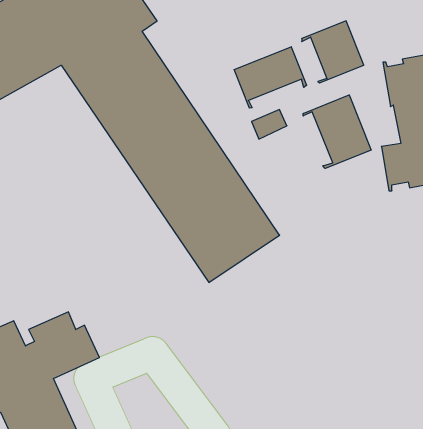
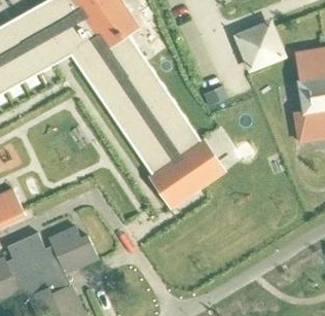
building: [234,47,307,108] -> none
building: [303,95,371,168] -> none

